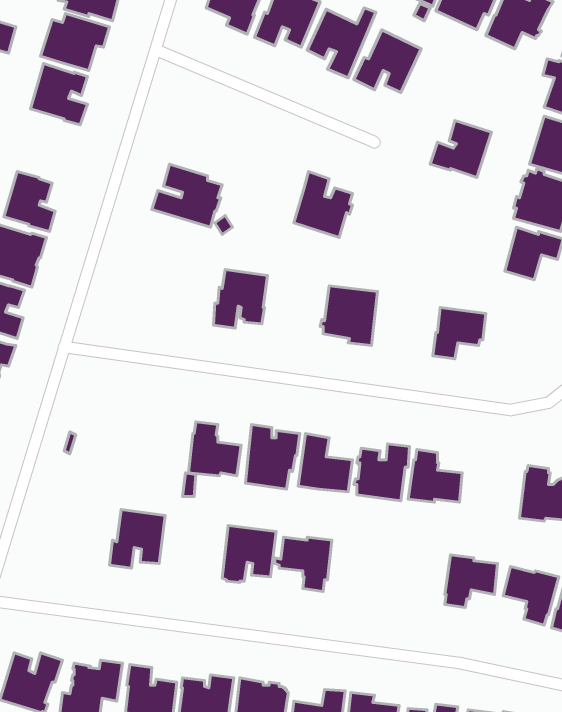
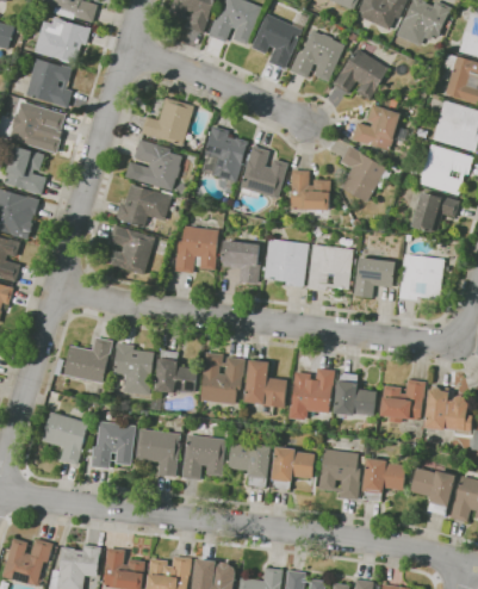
building: none -> [334,48,389,100]
building: none -> [141,97,194,145]
building: none -> [10,101,66,154]
building: none -> [200,126,249,190]
building: none -> [340,144,386,202]
building: none -> [291,169,333,211]
building: none -> [116,184,173,228]
building: none -> [108,224,156,274]
building: none -> [222,240,261,284]
building: none -> [308,243,353,290]
building: none -> [399,254,445,299]
building: none -> [64,337,112,383]
building: none -> [114,343,155,395]
building: none -> [380,379,426,422]
building: none -> [42,411,89,465]
building: none -> [136,428,181,477]
building: none -> [272,446,316,490]
building: none -> [318,448,361,500]

